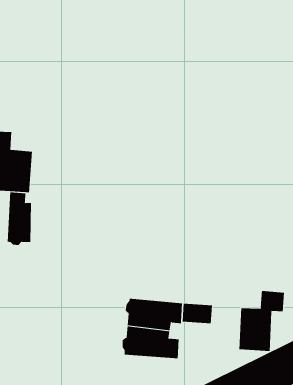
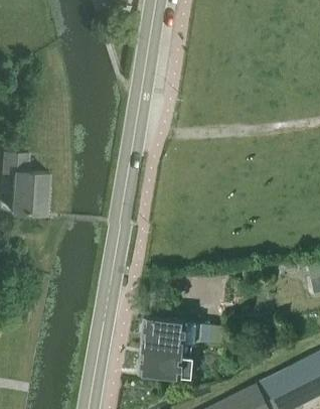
building: [7,192,31,246] -> none
building: [239,290,284,352] -> none

